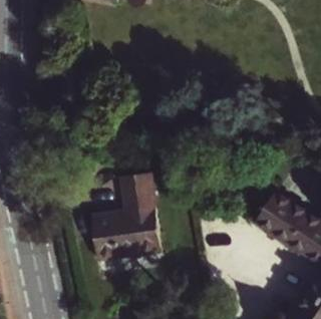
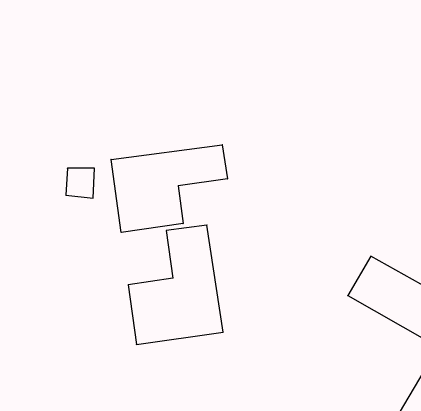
building: none -> [111,145,227,232]

